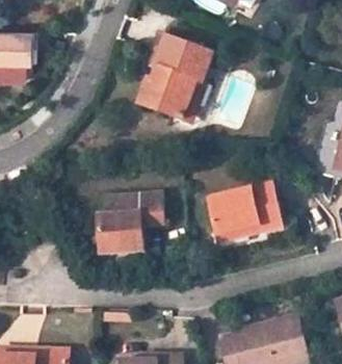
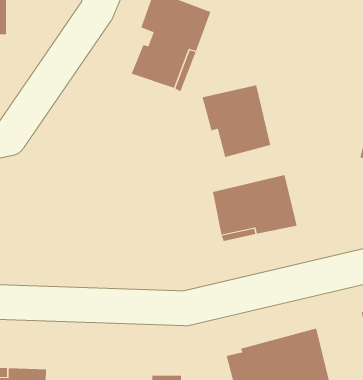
building: none -> [202,84,271,158]
building: [99,189,163,256] -> none

